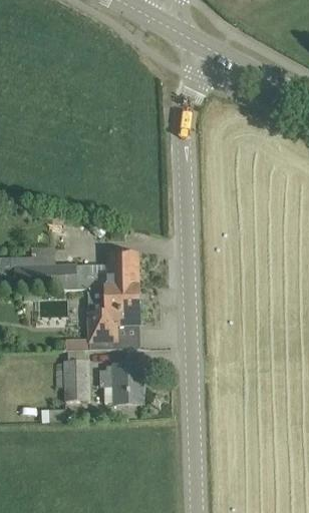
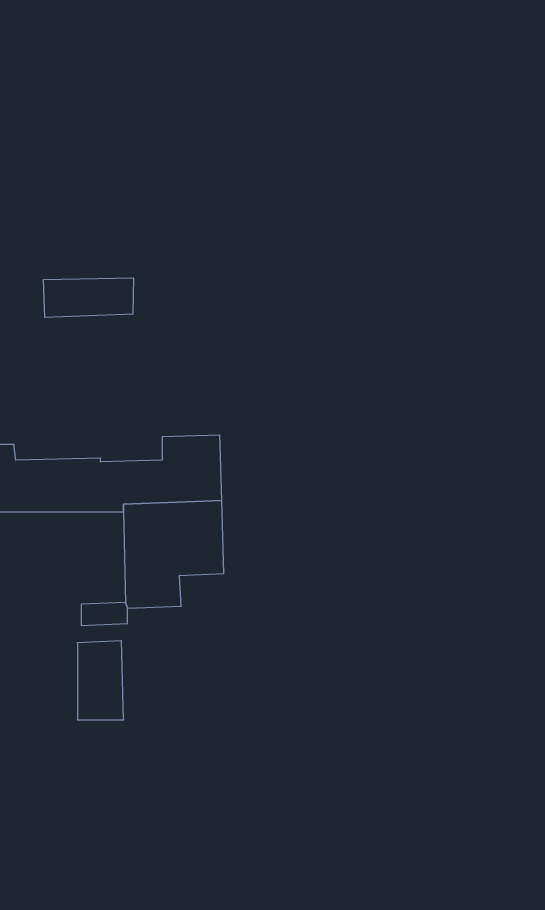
building: none -> [44,278,134,317]
building: [98,363,141,402] -> none

